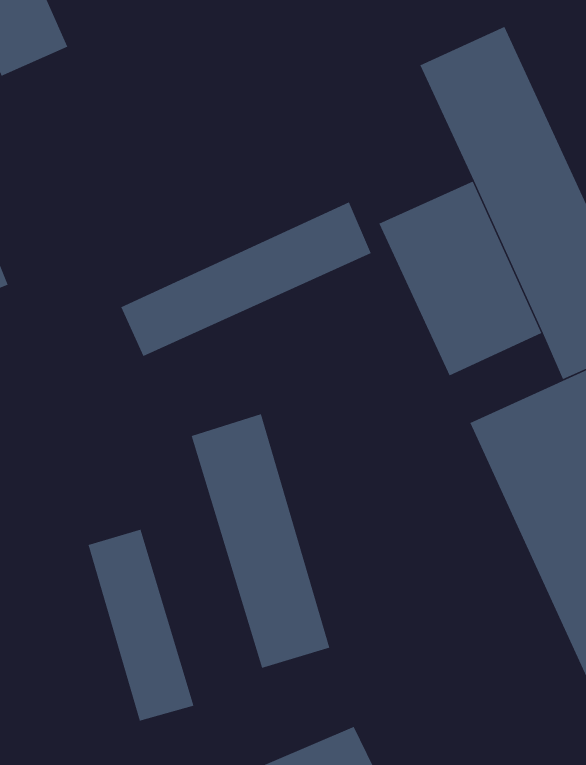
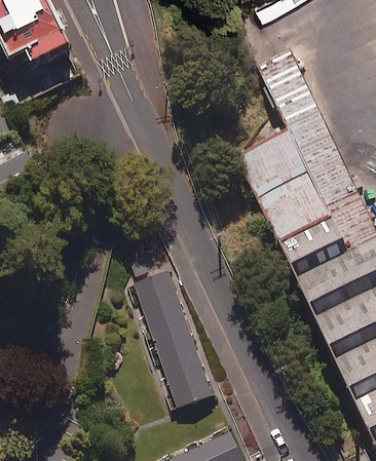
building: [120,202,372,357] -> none
building: none -> [279,219,342,268]
building: [88,529,194,722] -> none

